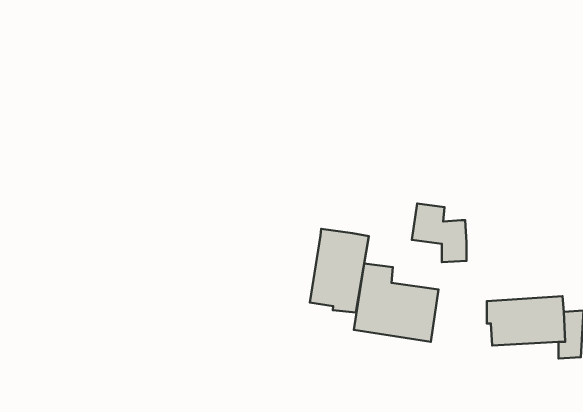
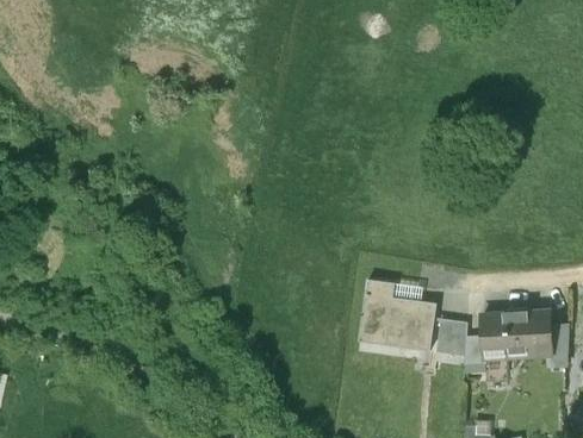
building: [412,203,467,262] -> [436,319,486,373]
building: [310,229,369,312] -> none

